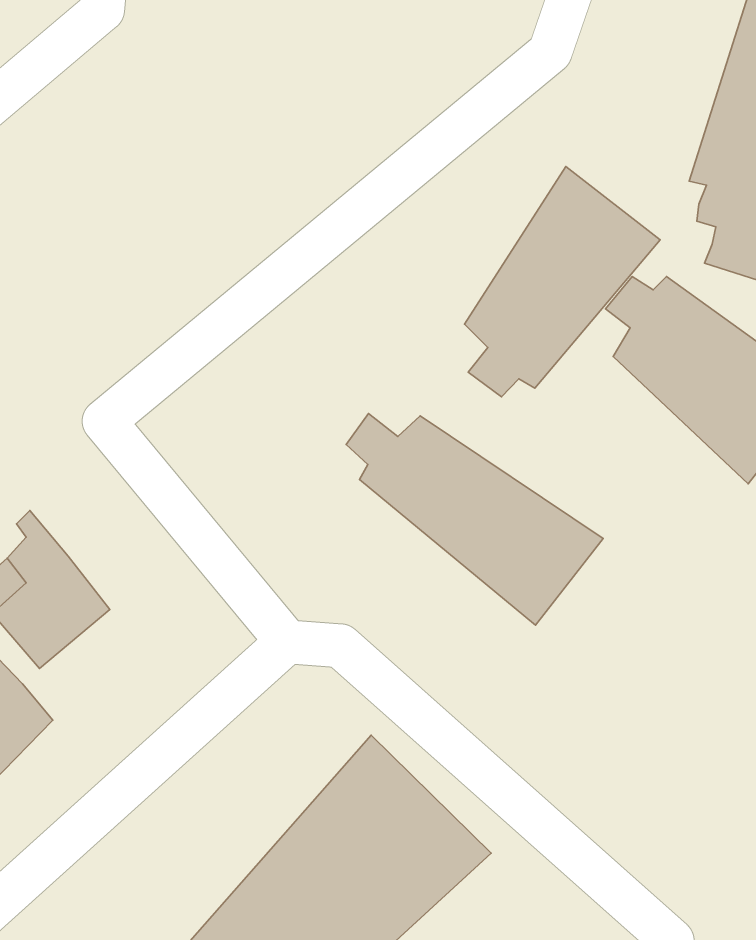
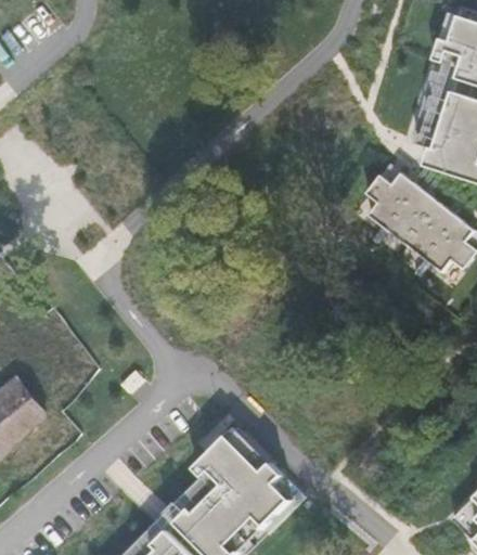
building: [465,166,660,397] -> none
building: [346,414,603,625] -> none

